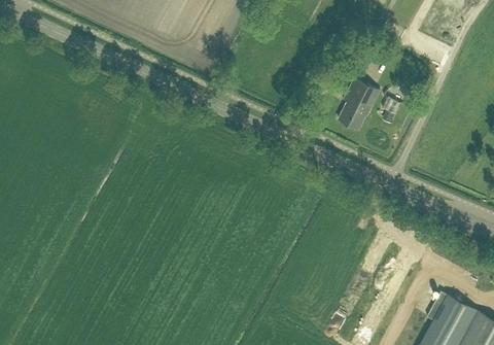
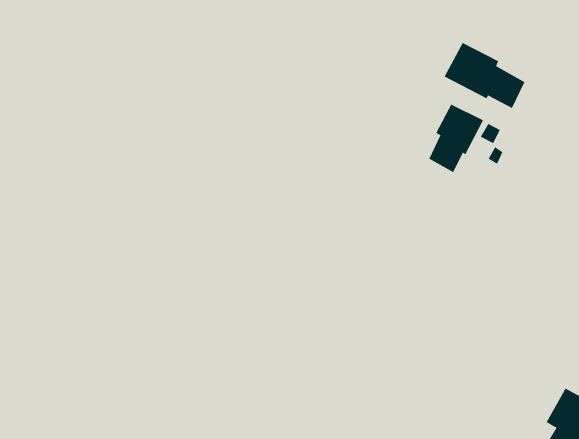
building: none -> [444,42,525,109]

